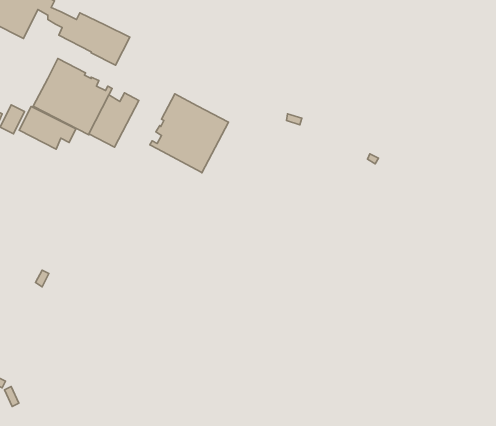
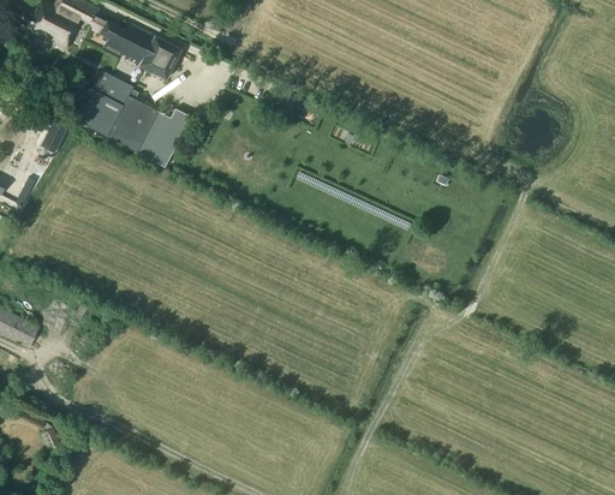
building: [150,94,229,173] -> none
building: [19,106,76,149] -> none

